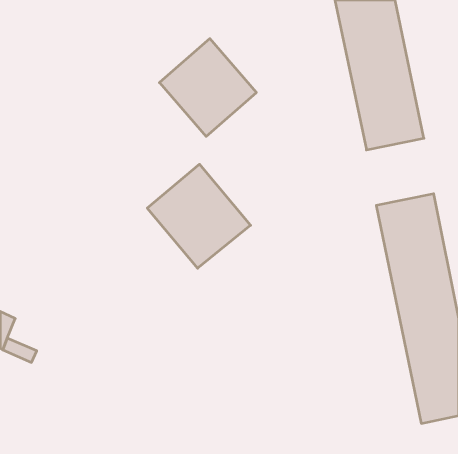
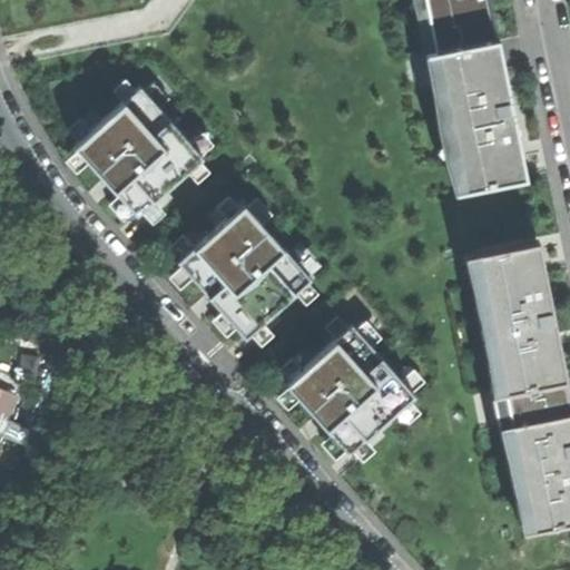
building: [159,39,256,136] -> [80,96,200,217]
building: none -> [289,332,414,456]

